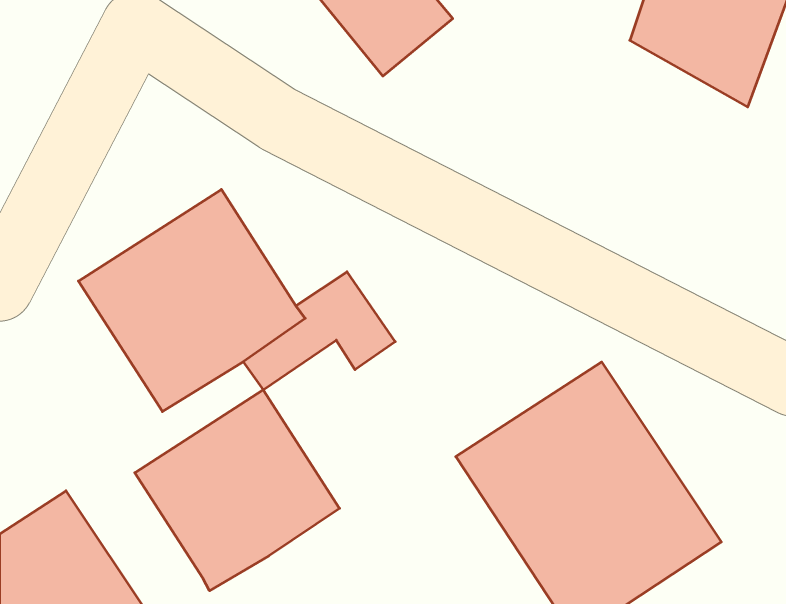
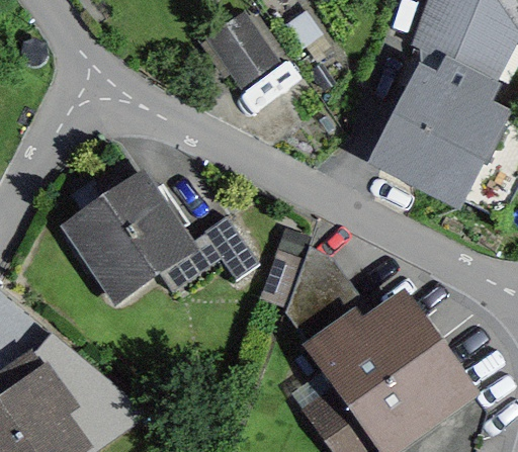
building: none -> [363,69,508,211]
building: [135,390,340,591] -> none

